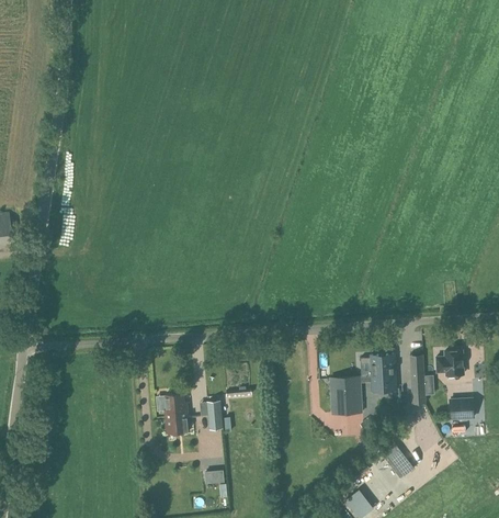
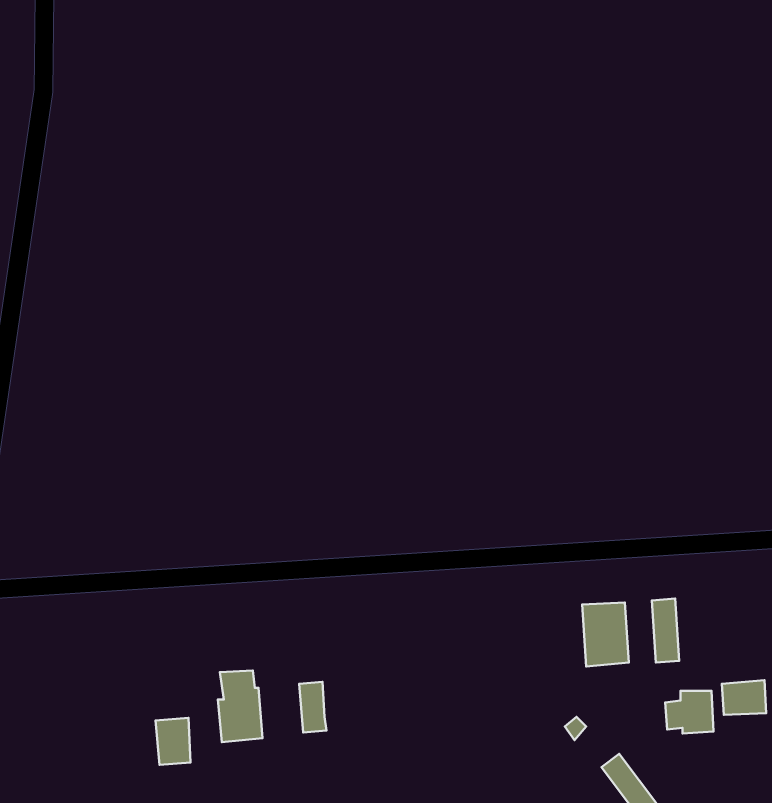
building: [435,351,463,375] -> [665,691,714,734]
building: [329,378,362,415] -> none
building: none -> [155,718,191,765]

